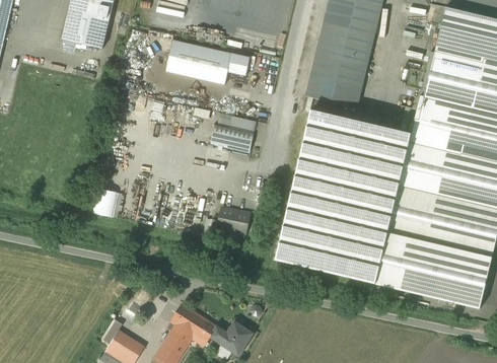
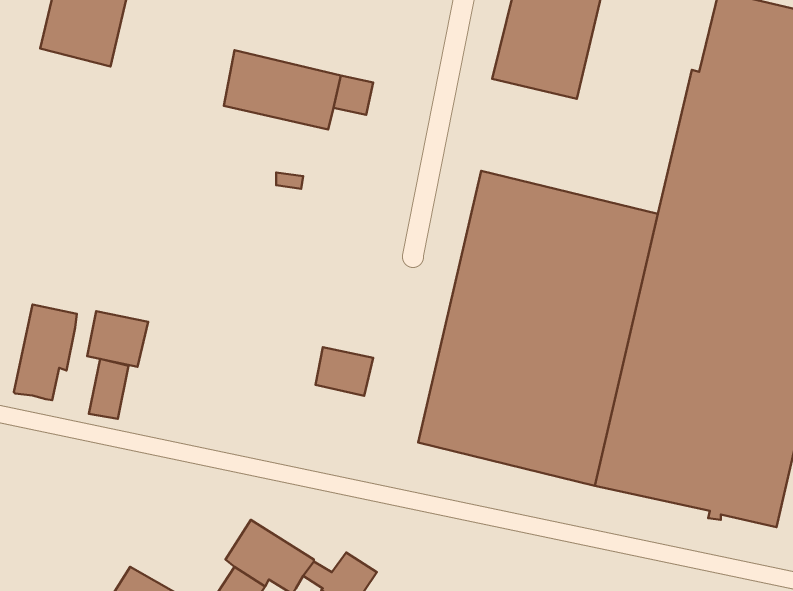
building: [308,55,365,106] -> none
building: [210,122,255,152] -> none
building: none -> [14,305,77,400]
building: none -> [89,359,128,419]

